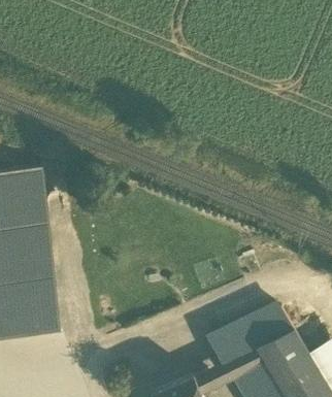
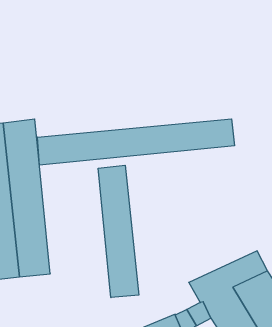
building: none -> [37,119,234,165]
building: none -> [98,165,139,298]

